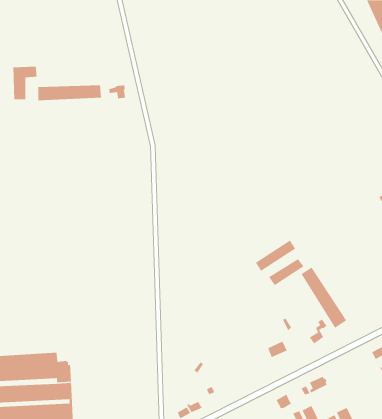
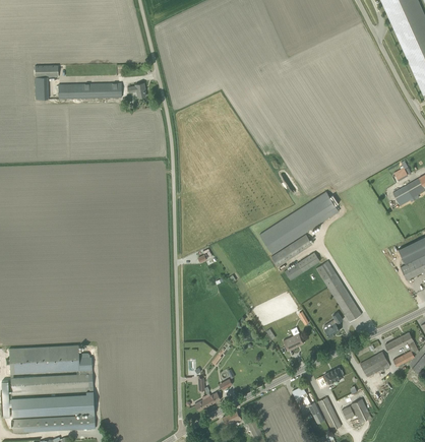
building: none -> [259,191,339,254]
building: none -> [360,352,390,377]

